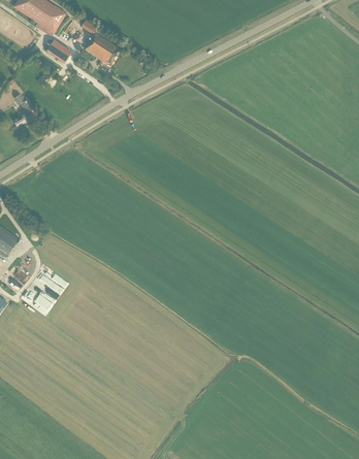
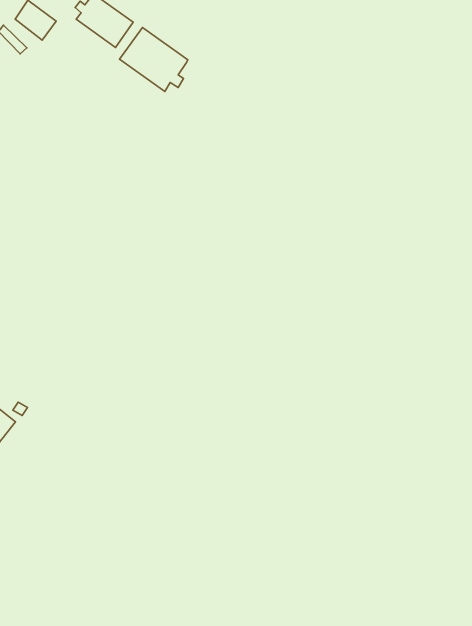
building: none -> [120,27,188,91]

